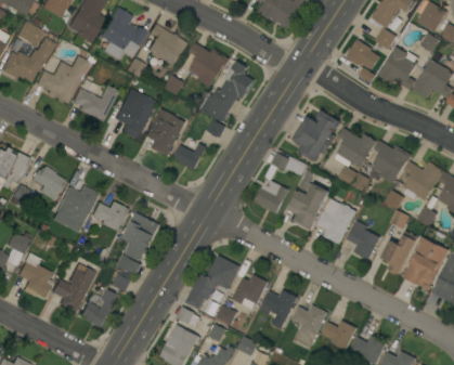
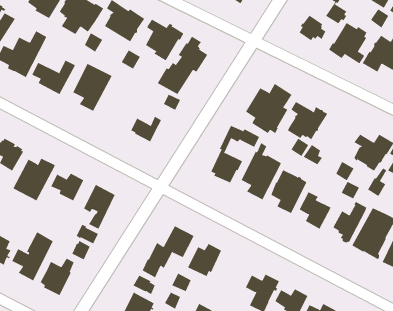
building: [144,117,185,156] -> none
building: [369,140,412,183] -> none
building: [259,290,297,328] -> none

